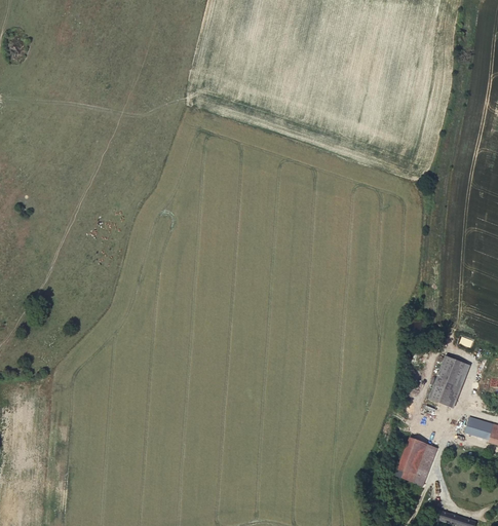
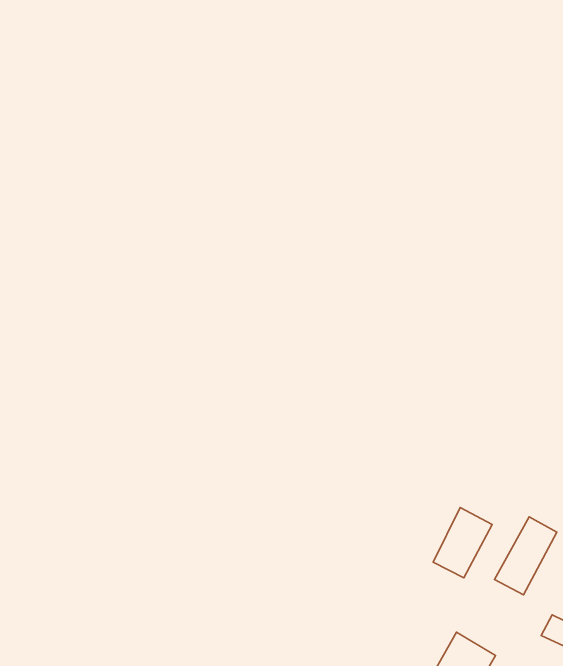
building: none -> [433,508,492,578]

